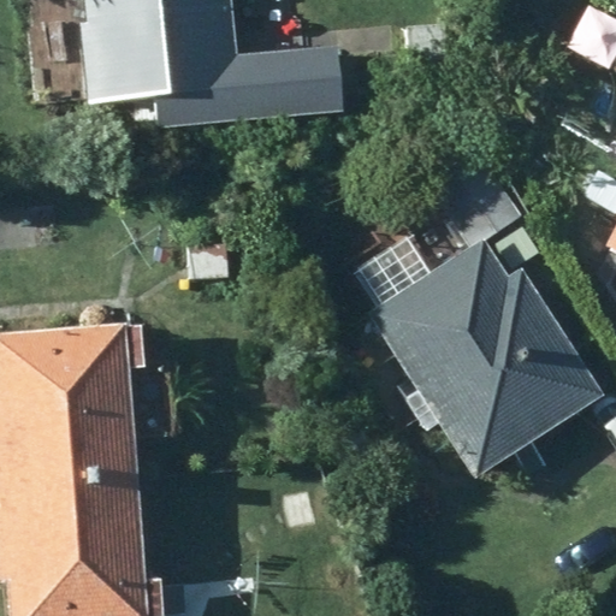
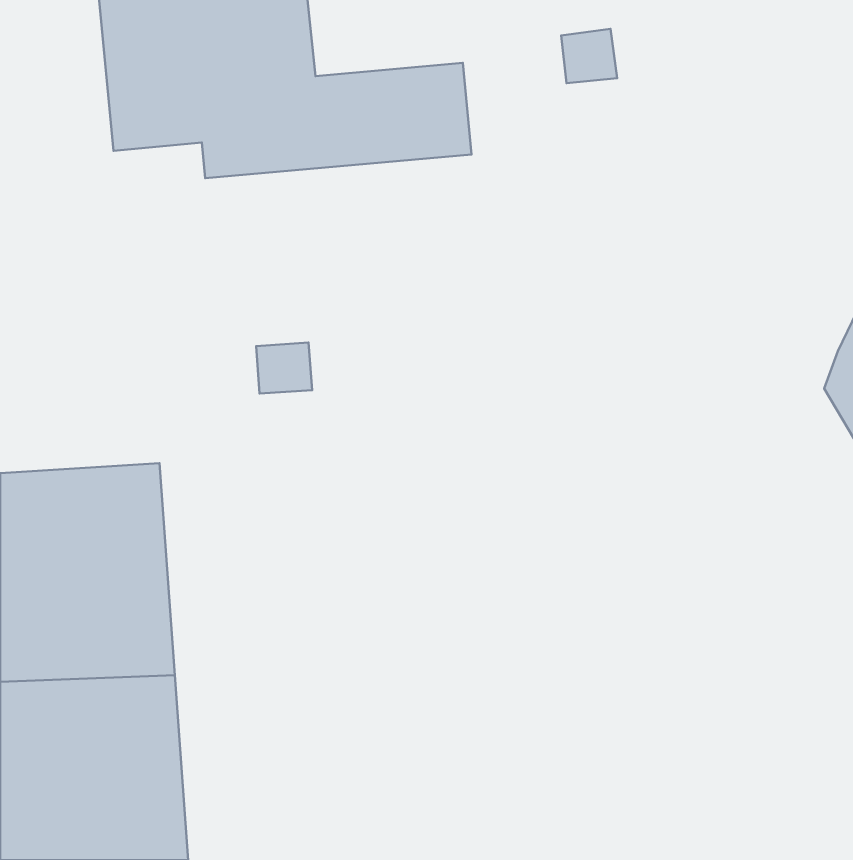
building: [366,241,604,476] -> none

